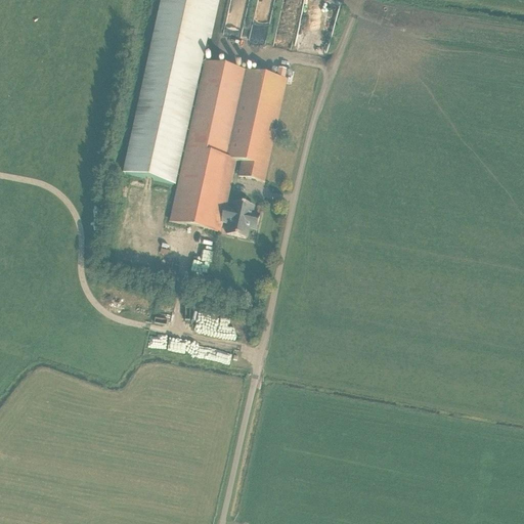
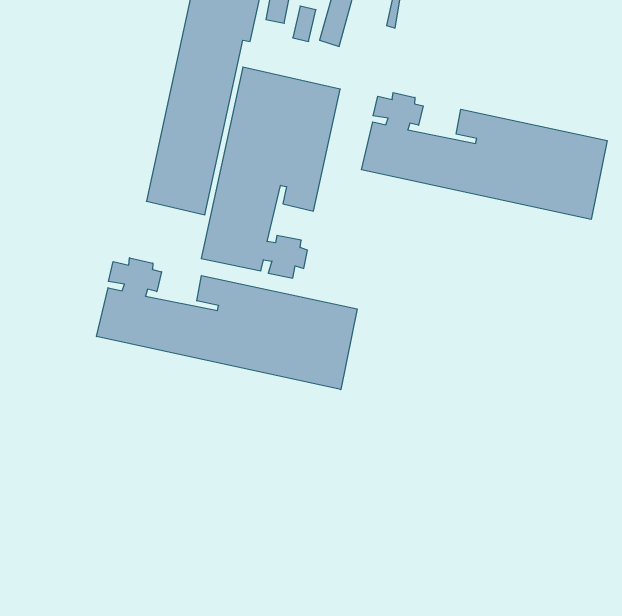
building: none -> [362,93,607,219]
building: none -> [97,258,357,390]

